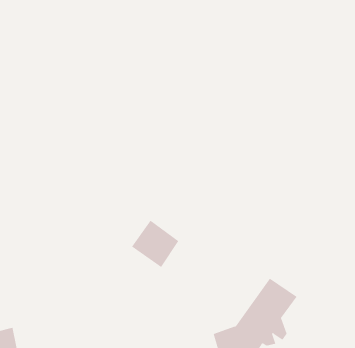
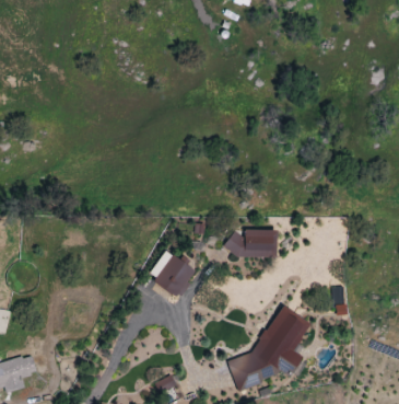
building: none -> [227,230,274,256]

